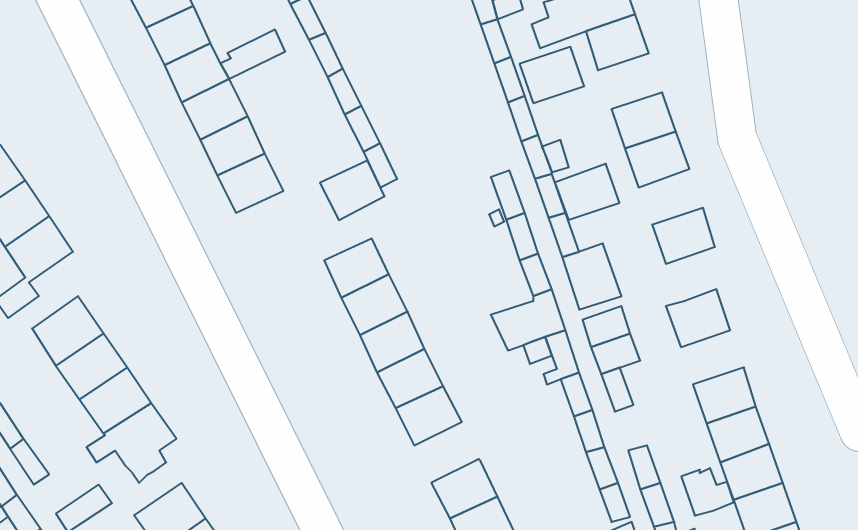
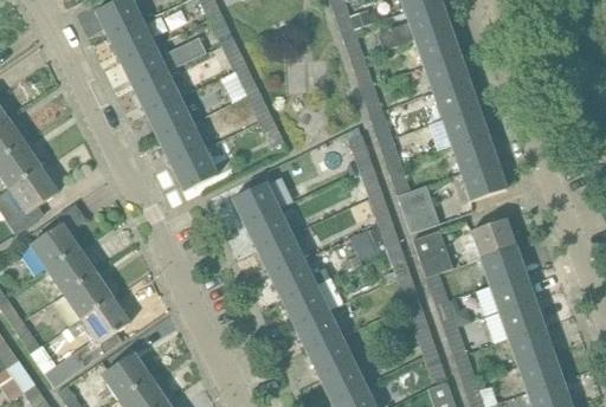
building: [520,47,584,103] -> [423,52,468,91]
building: [320,161,385,220] -> [170,148,215,189]
building: [555,164,619,220] -> [451,133,496,172]
building: none -> [481,245,524,283]
building: none -> [295,303,355,351]
building: [681,468,734,516] -> [434,296,471,329]

